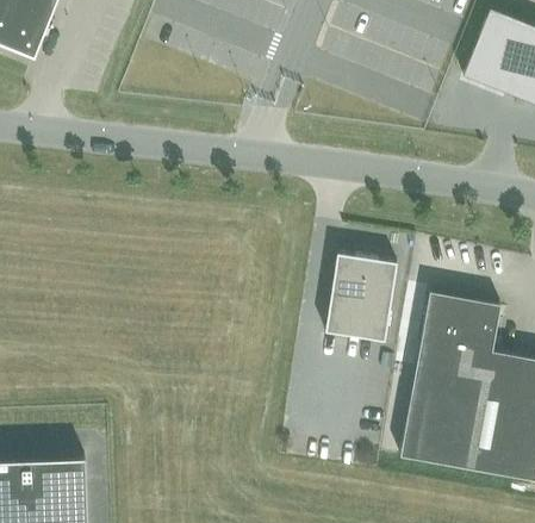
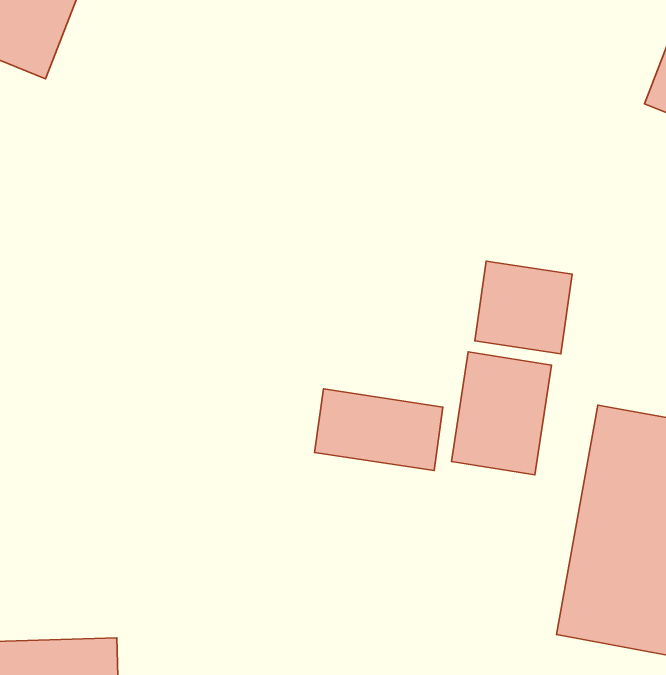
building: none -> [475,261,572,354]
building: none -> [315,389,443,471]

